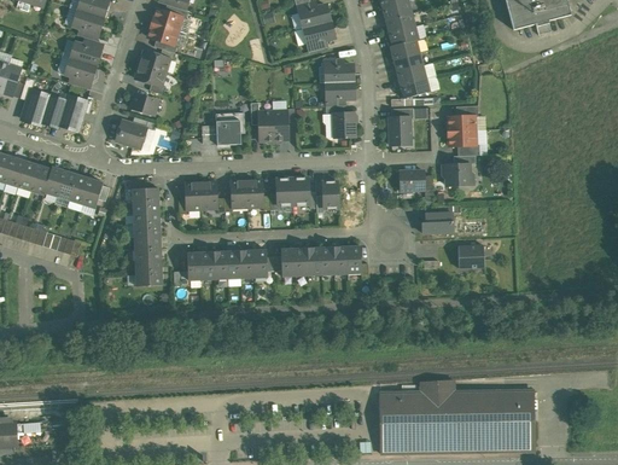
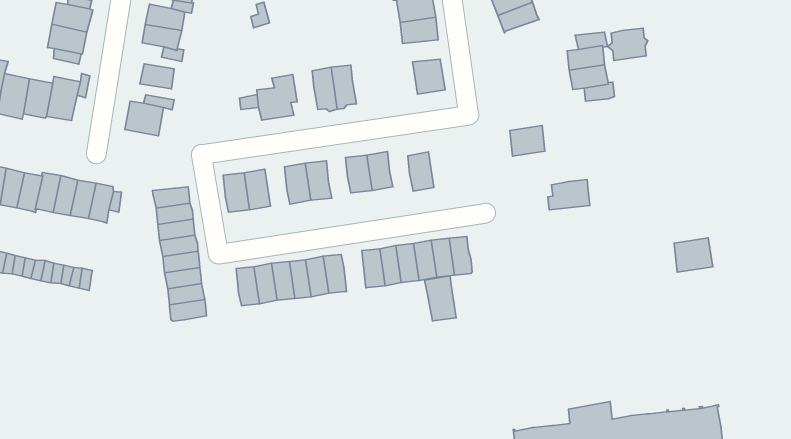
building: [389,117,410,146] -> none
building: [442,164,472,186] -> [608,28,648,61]
building: [457,245,484,268] -> [674,238,713,272]
building: none -> [424,276,456,321]

